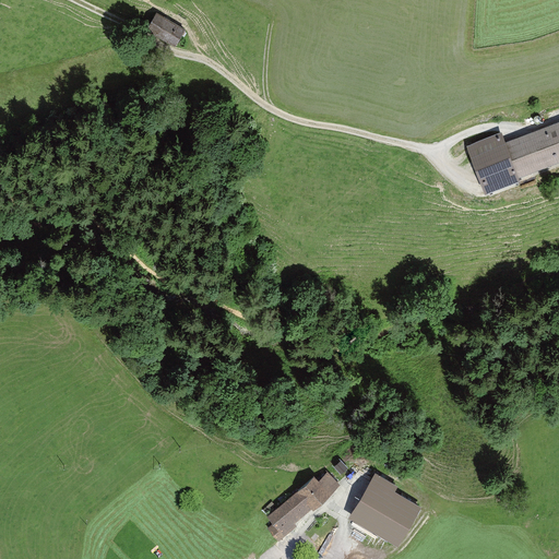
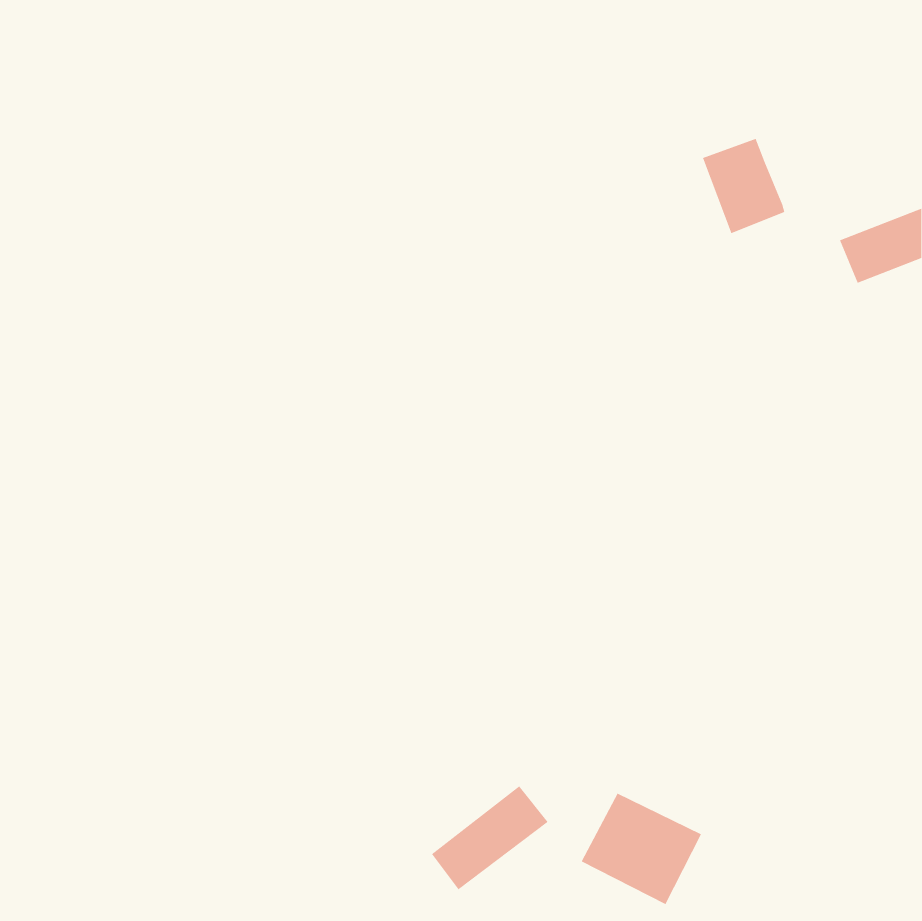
building: [146,11,185,45] -> none
building: [469,132,520,190] -> [702,138,785,234]

